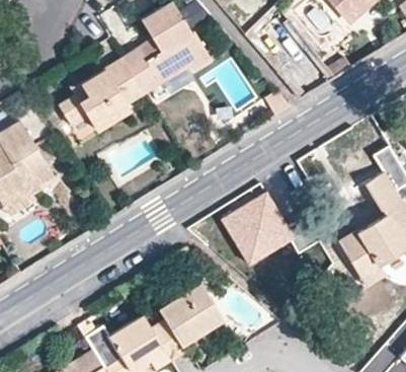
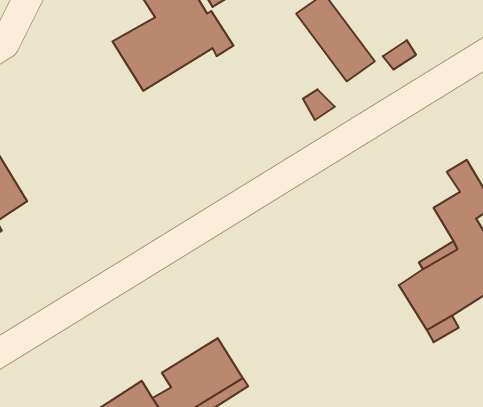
building: [58,57,144,130] -> none
building: [222,193,320,265] -> none

